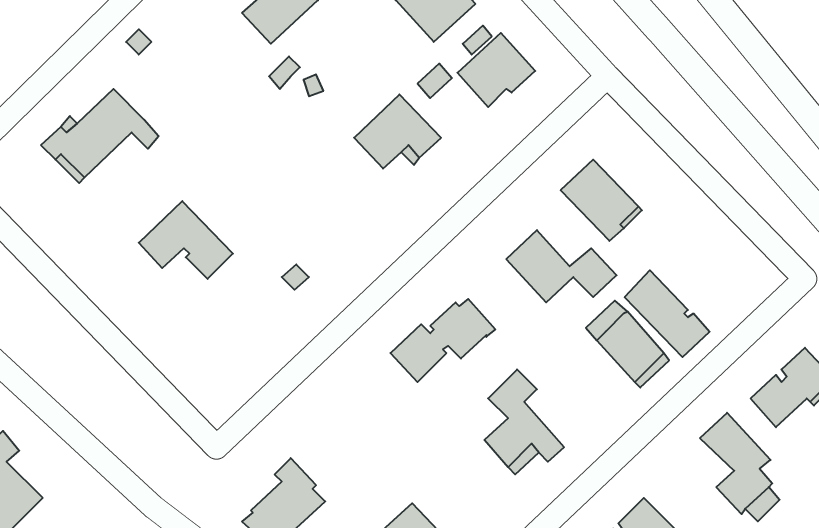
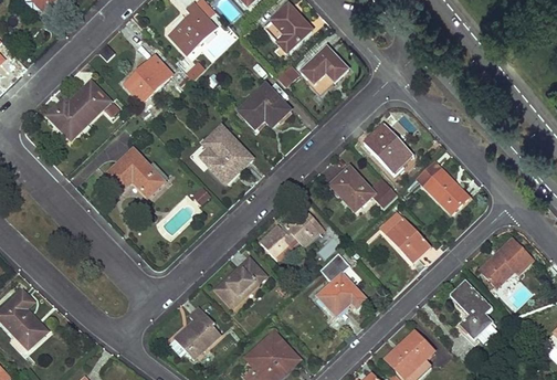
building: none -> [124,55,171,102]
building: none -> [199,126,252,181]
building: [625,270,710,357] -> [417,160,469,213]
building: none -> [216,256,265,306]

